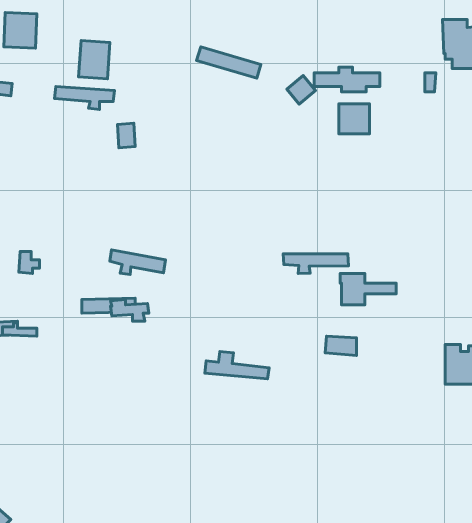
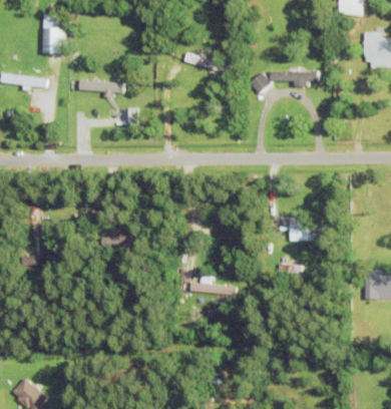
building: [79,41,110,79] -> none
building: [339,104,370,134] -> none
building: [110,250,166,274] -> none
building: [283,254,348,274] -> none

